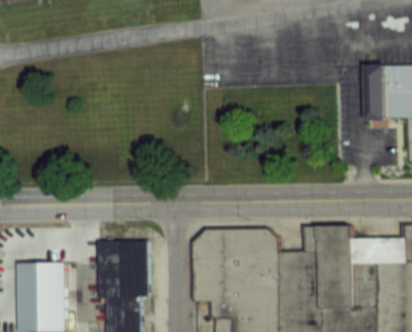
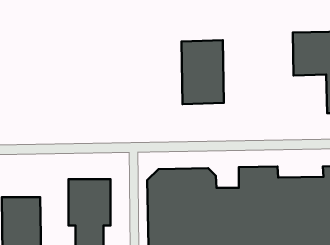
building: none -> [182,40,224,104]

